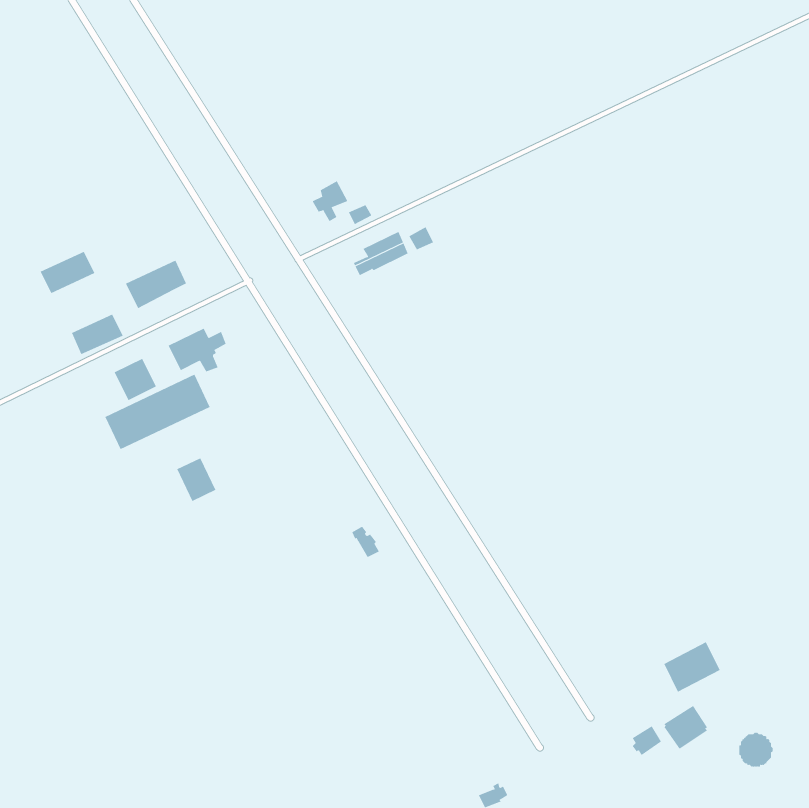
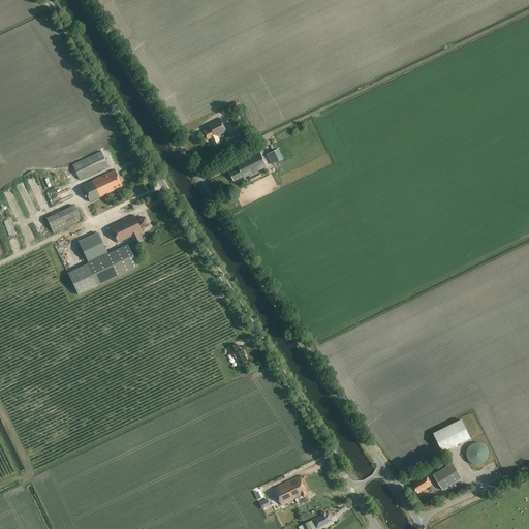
building: [40,251,95,294] -> [72,151,108,179]
building: [176,457,216,502] -> none
building: none -> [274,475,308,504]
building: [739,732,773,767] -> [466,441,489,464]

